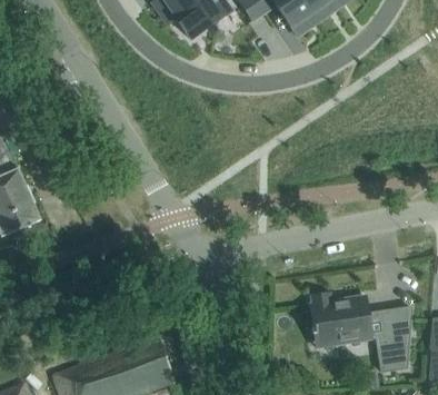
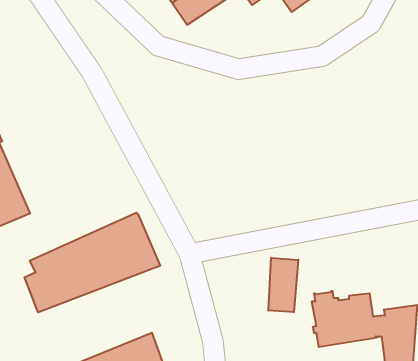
building: none -> [24,213,160,312]
building: none -> [268,258,298,312]

